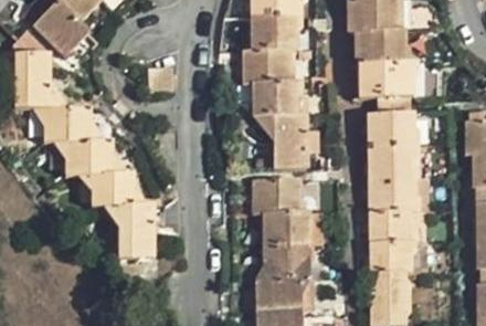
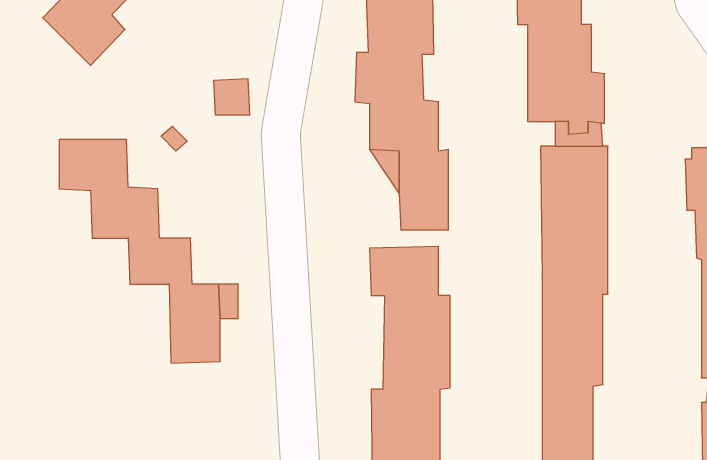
building: [14,54,50,107] -> none

